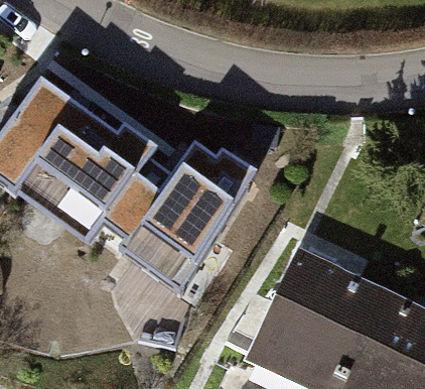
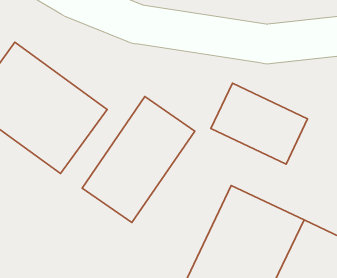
building: none -> [211,83,308,164]

